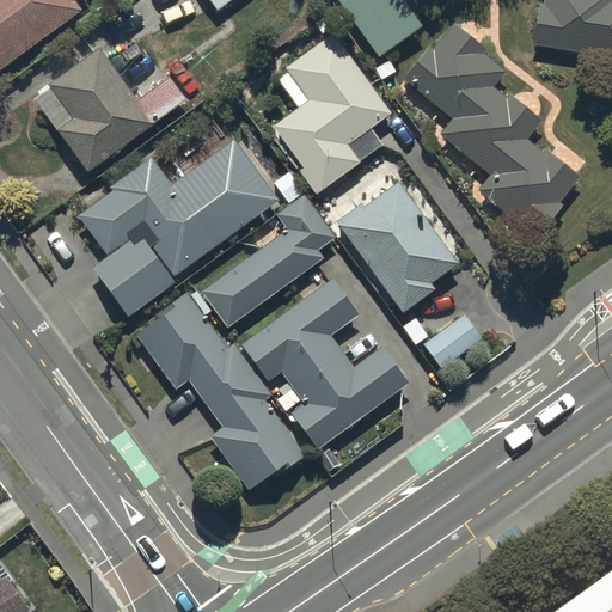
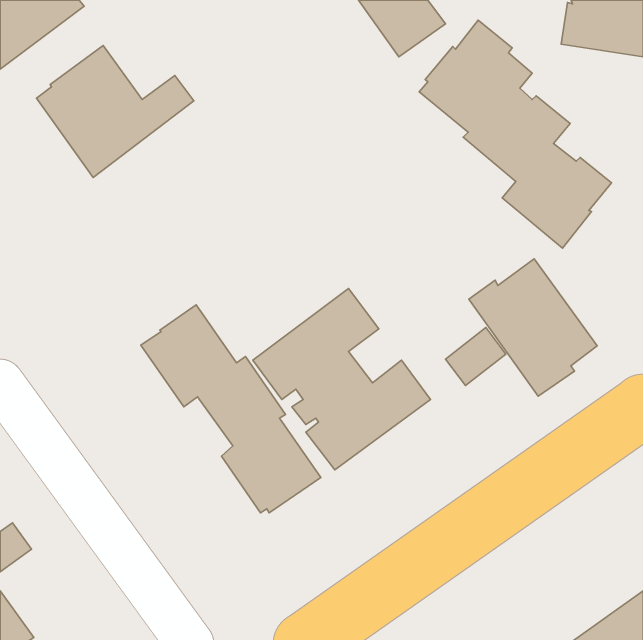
building: [271,32,392,194] -> none
building: [78,139,277,317] -> none
building: [336,182,458,312] -> [469,259,597,396]
building: [201,195,335,328] -> none

